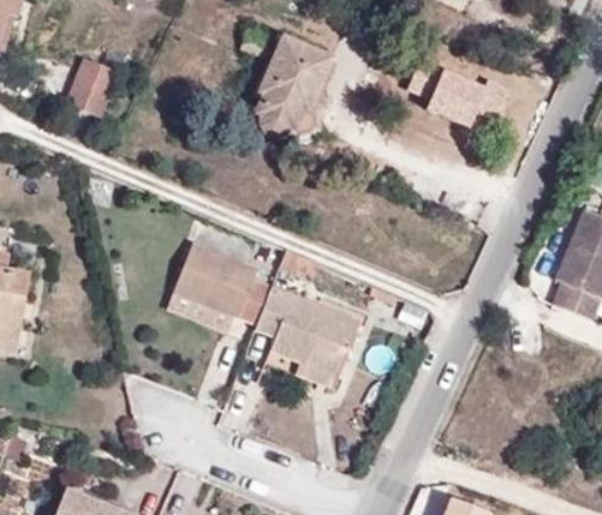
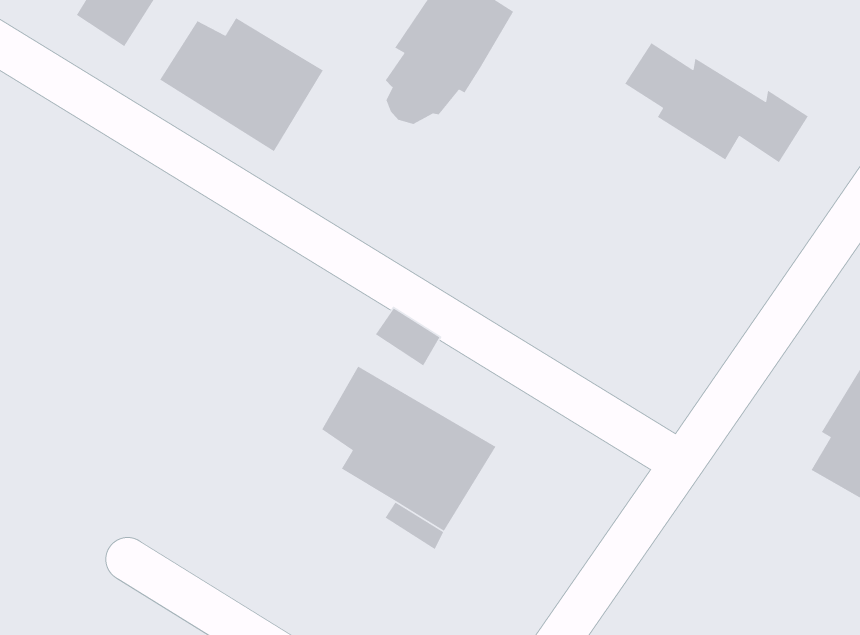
building: none -> [159,17,324,152]
building: [172,242,257,317] -> none

